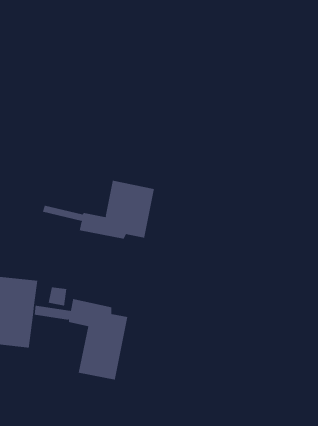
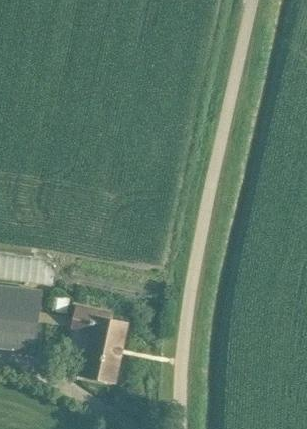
building: [42,180,155,239] -> none

